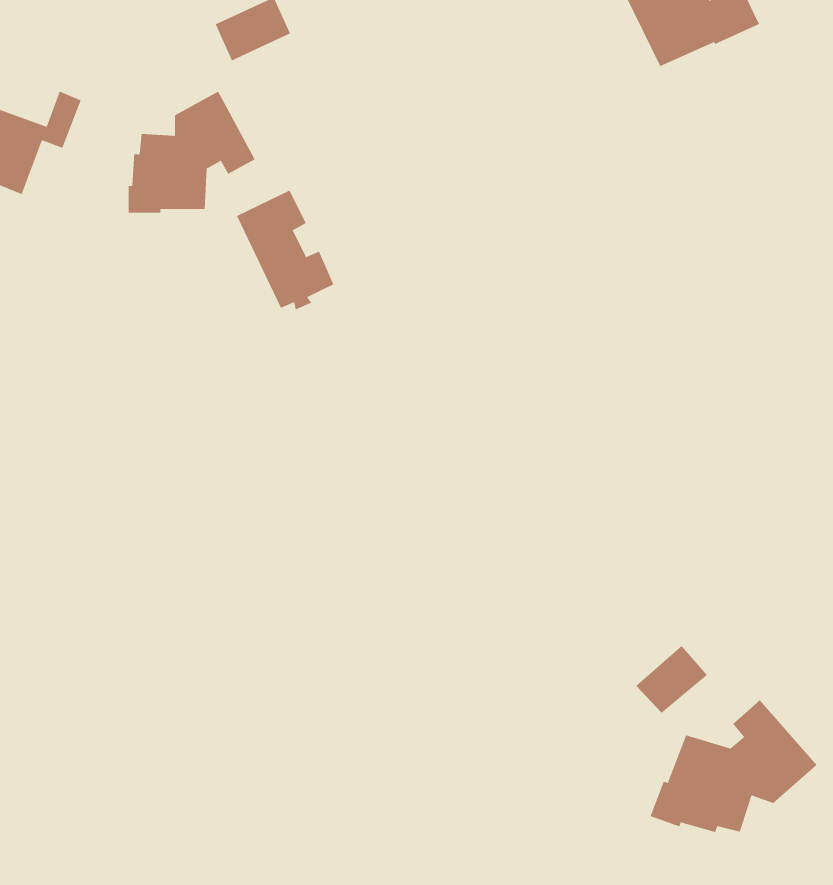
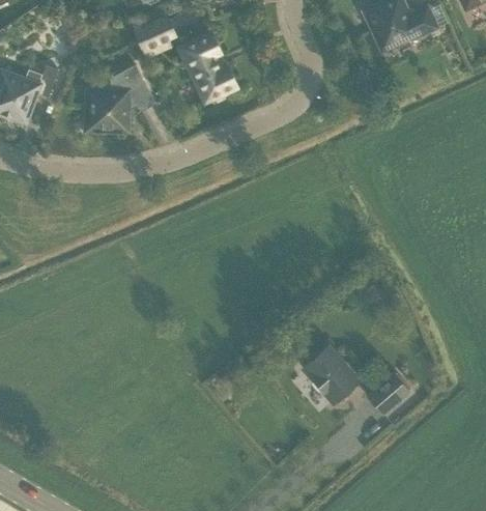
building: [236,190,334,310] -> [180,33,235,101]
building: none -> [303,345,359,402]
building: [650,700,818,833] -> none

